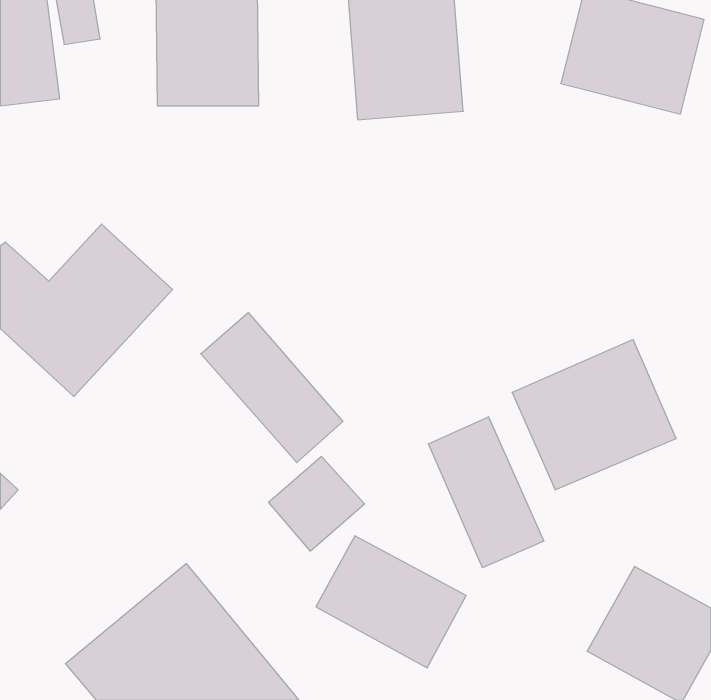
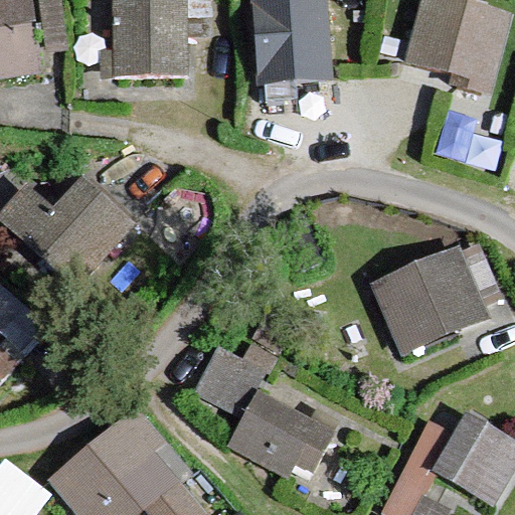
building: [201,313,343,463] -> none
building: [428,417,544,568] -> none

